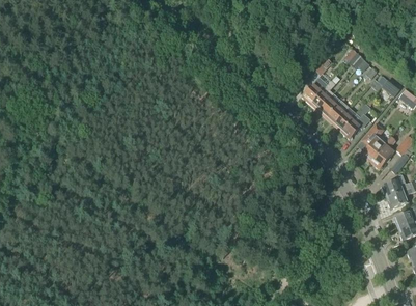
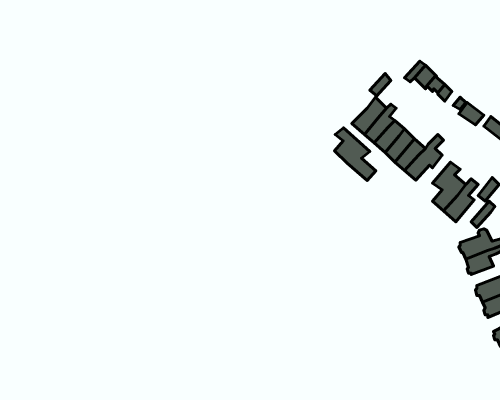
building: none -> [334,128,376,181]

